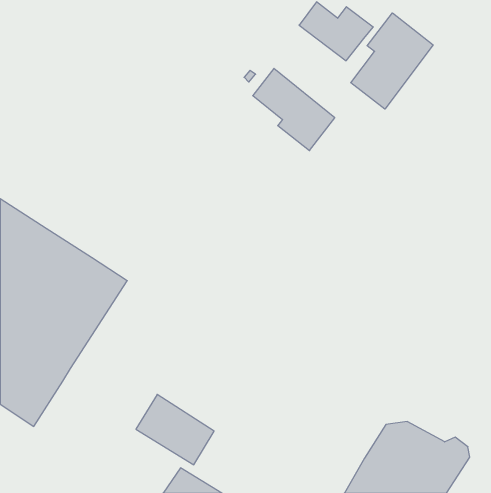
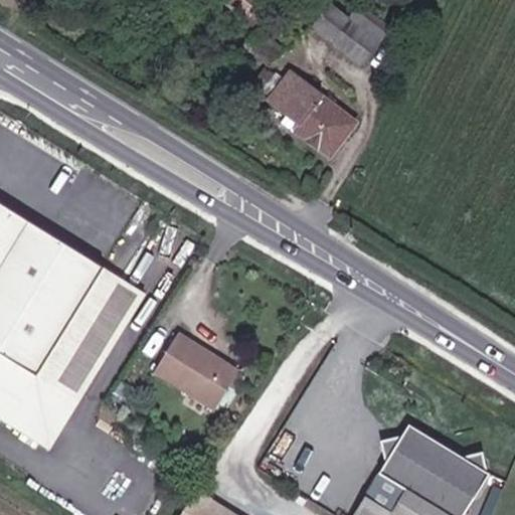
building: [351,13,433,109] -> none
building: [136,394,214,465] -> [151,330,232,403]

